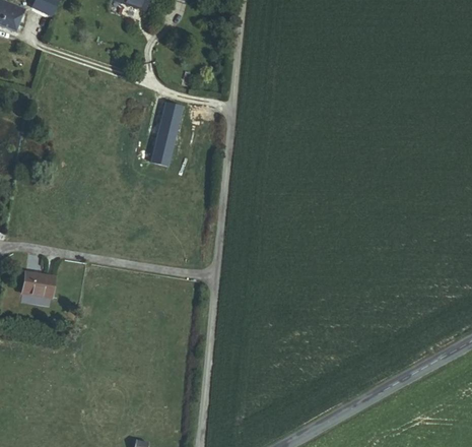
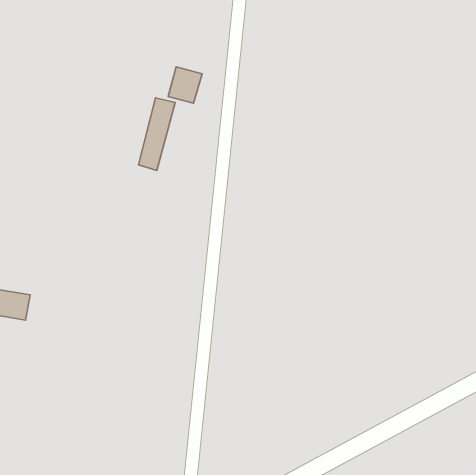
building: none -> [168,67,202,103]

